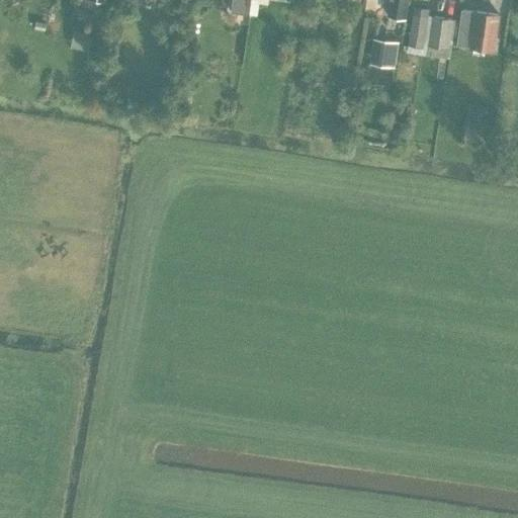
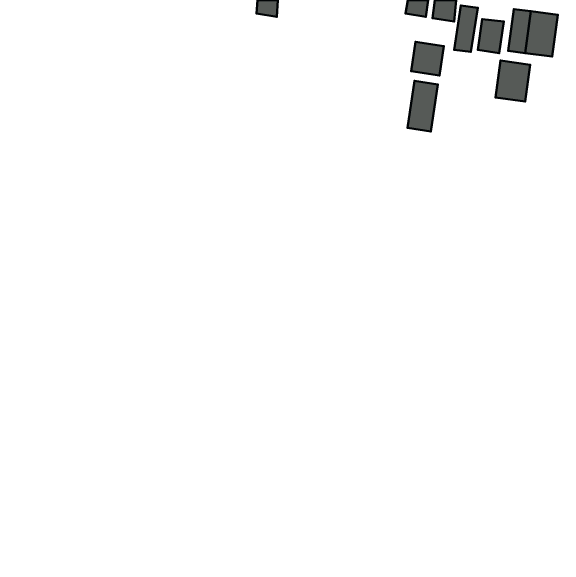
building: none -> [496,61,530,102]
building: none -> [407,81,438,132]

